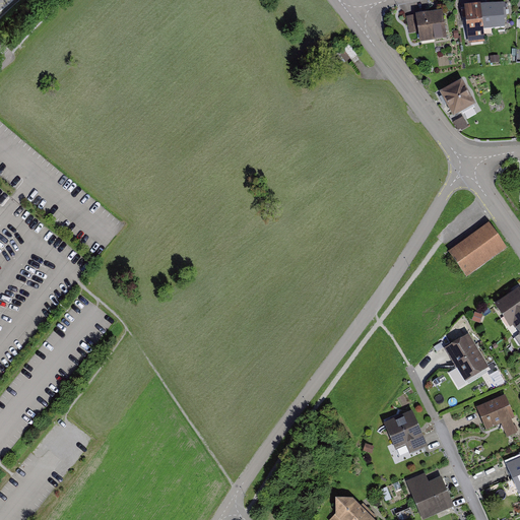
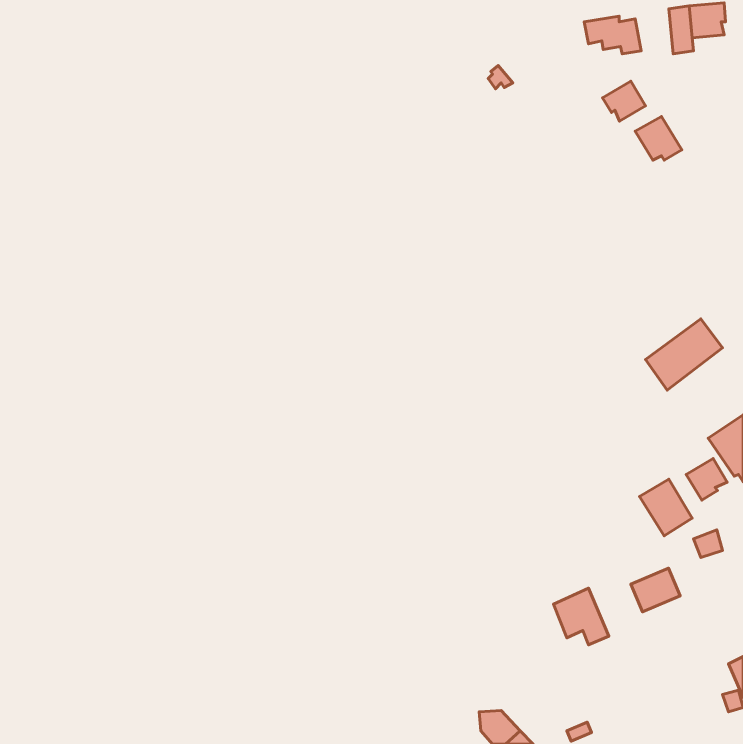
building: none -> [603,81,645,121]
building: none -> [686,459,727,500]
building: [477,395,512,426] -> [631,568,680,612]
building: [406,474,449,512] -> none

